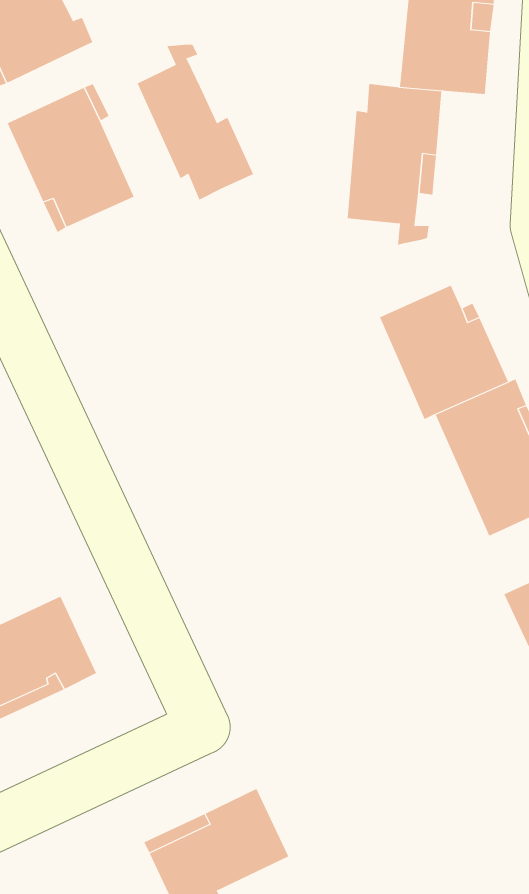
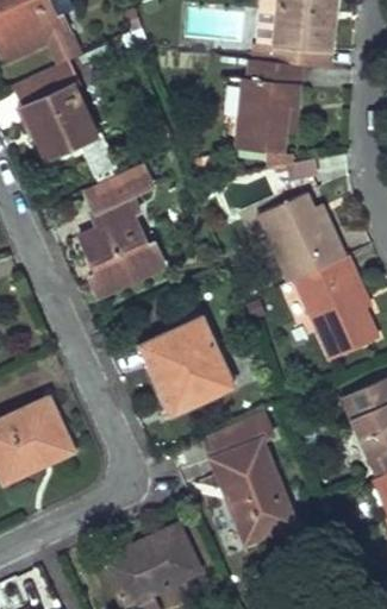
building: [137,44,254,200] -> none
building: none -> [80,164,164,296]
building: none -> [139,315,233,415]
building: none -> [212,410,294,541]

